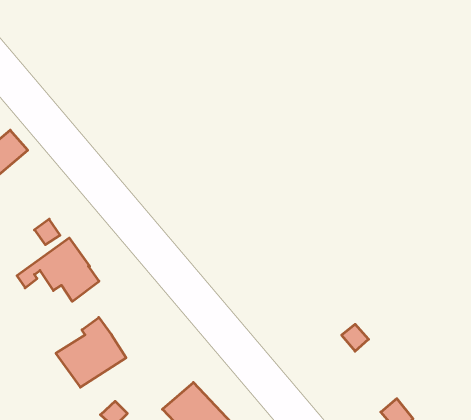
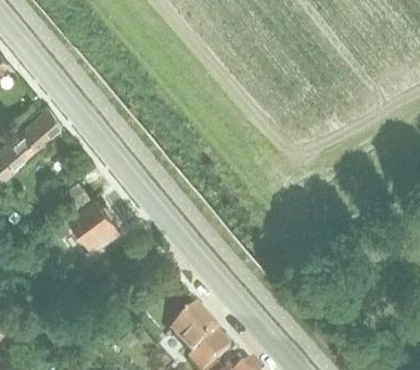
building: [56,317,126,387] -> none

